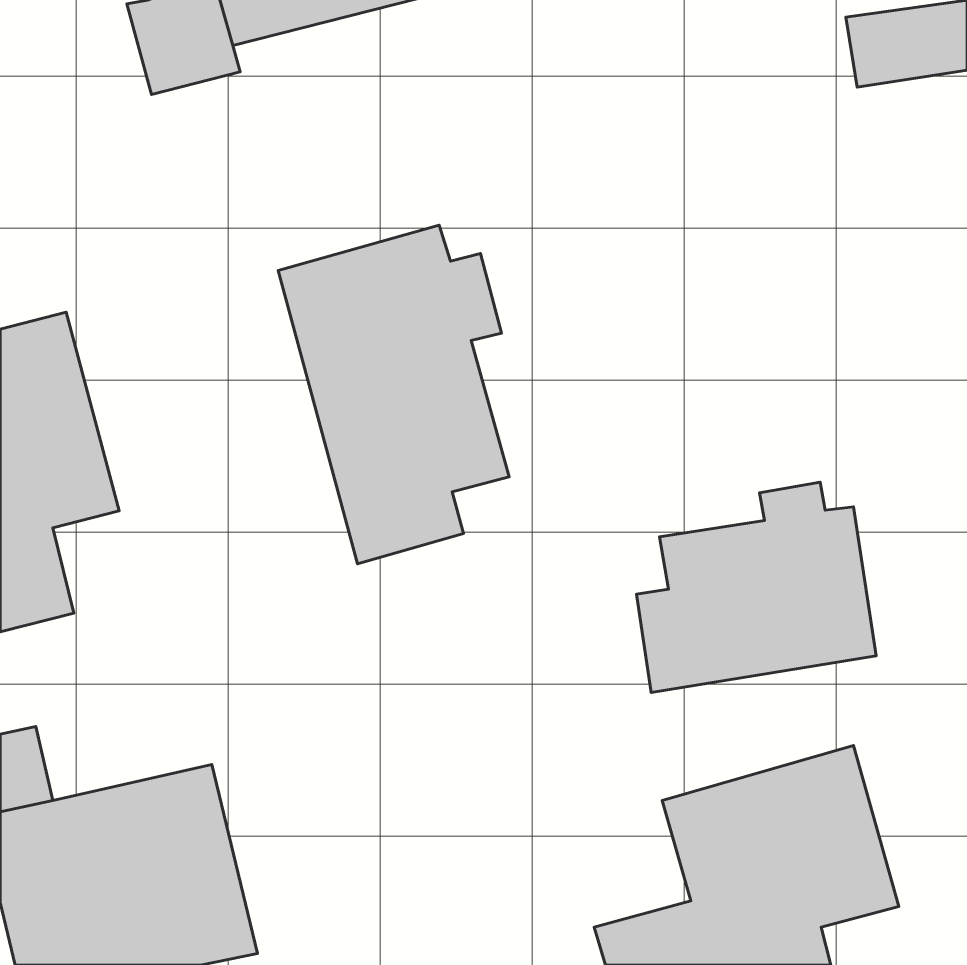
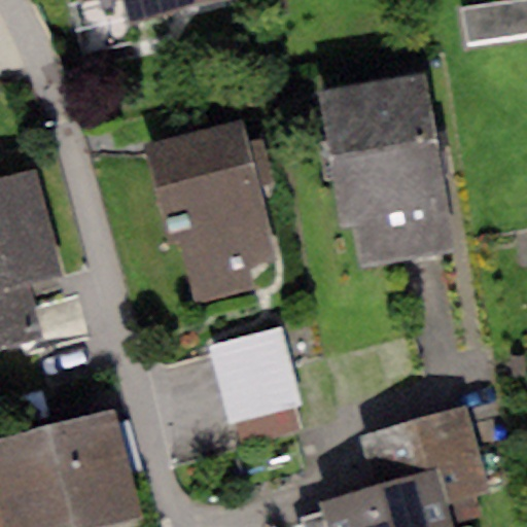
building: none -> [318,74,451,259]
building: [636,482,876,692] -> none
building: none -> [209,327,300,424]

